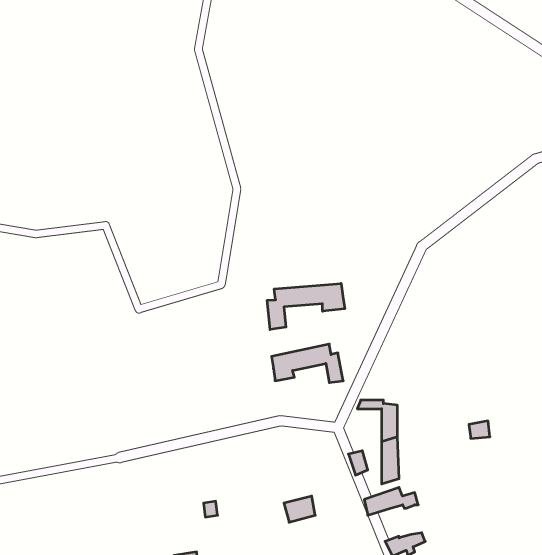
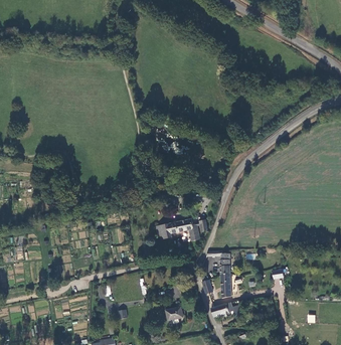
building: [267,283,345,330] -> none

